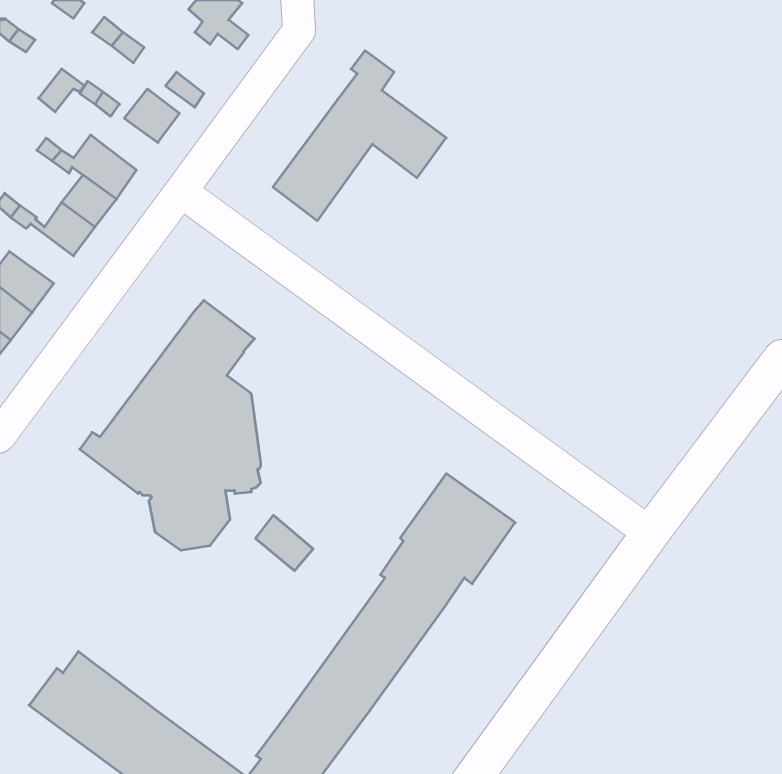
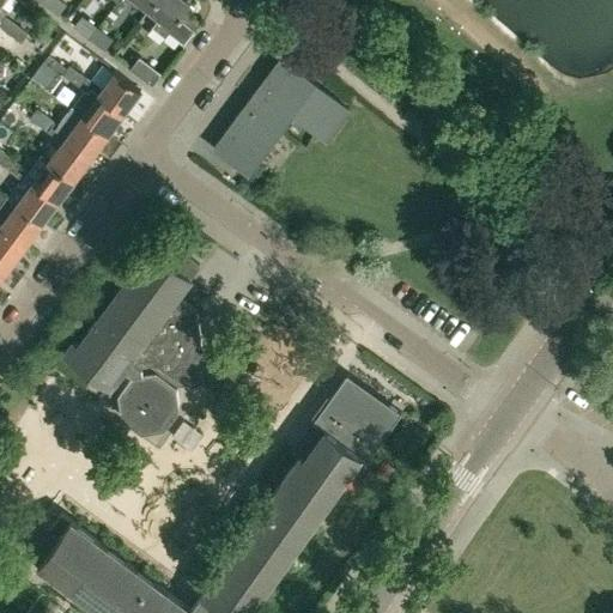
building: none -> [81,99,123,140]
building: none -> [7,182,57,229]
building: [256,515,313,571] -> none

